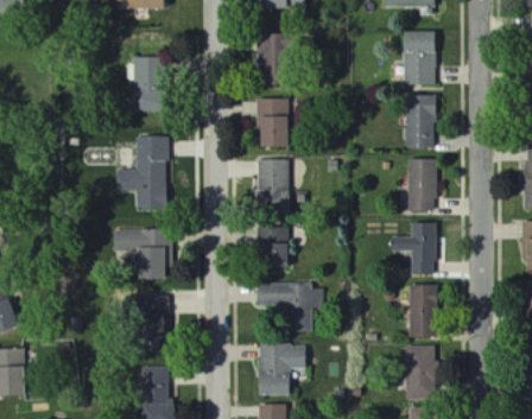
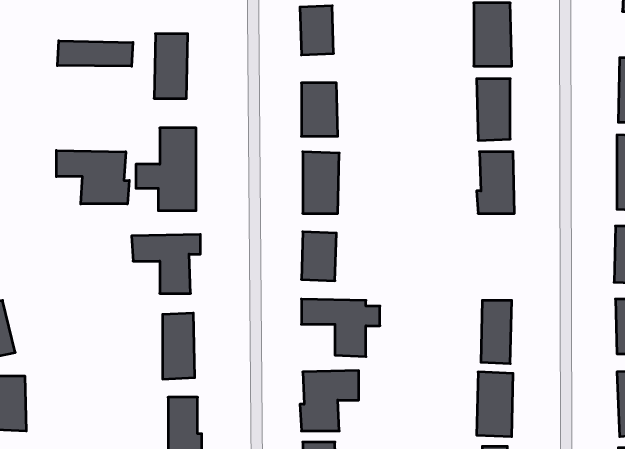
building: none -> [57,41,133,66]
building: none -> [56,150,129,204]
building: [390,222,436,274] -> none

